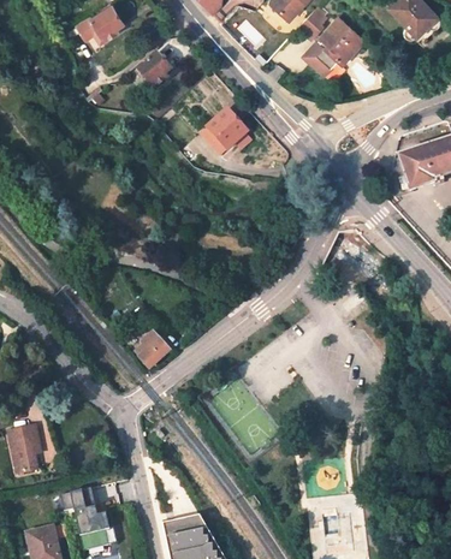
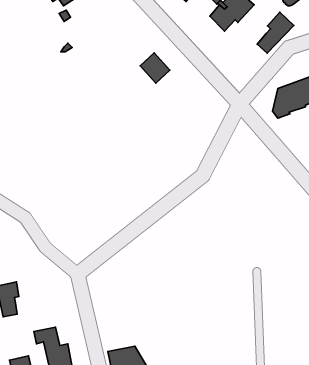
building: none -> [257,12,294,53]
building: [137,52,171,87] -> none
building: [135,332,171,367] -> none

